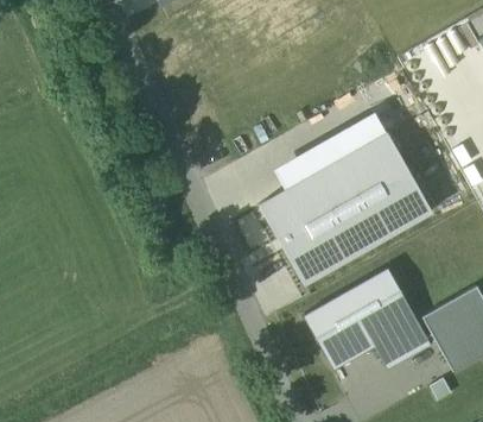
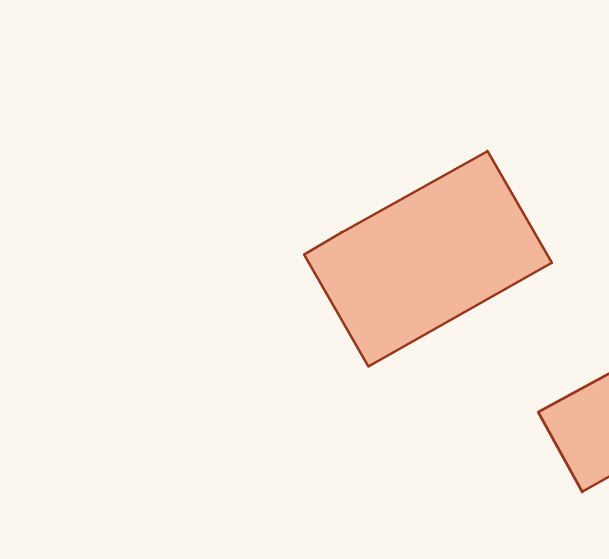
building: [274,112,387,190] -> none
building: [303,269,431,371] -> none

